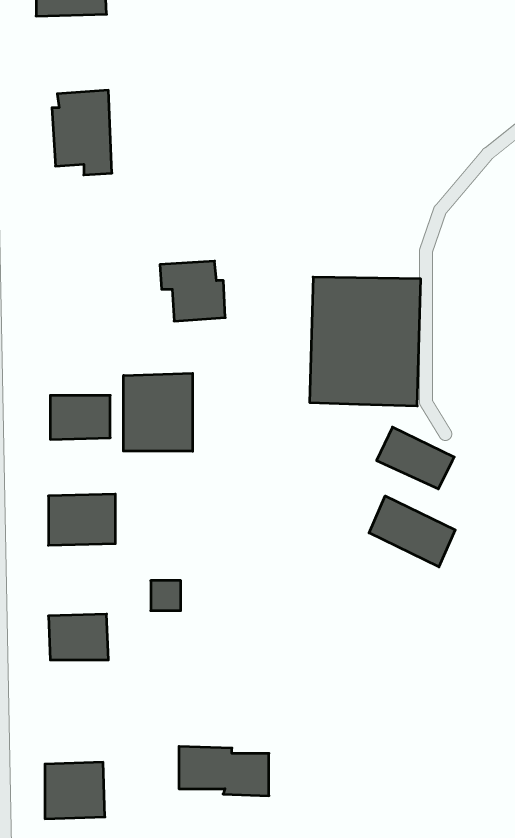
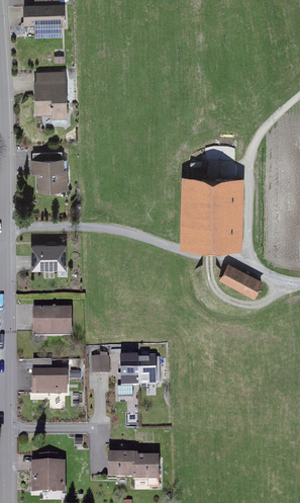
building: [160,261,225,321] -> [31,159,69,193]
building: [123,373,193,451] -> none
building: [369,496,455,567] -> none
building: none -> [118,352,160,384]

